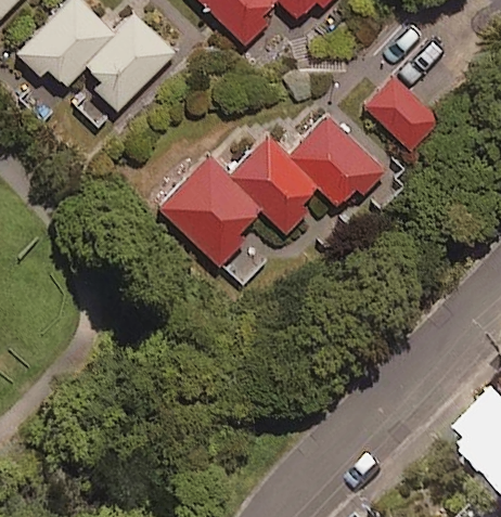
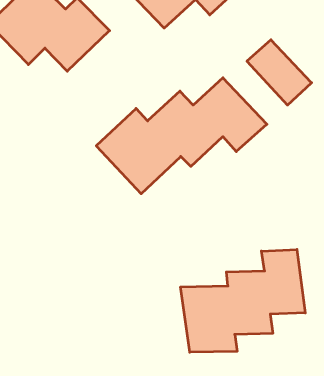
building: none -> [181,249,305,352]

